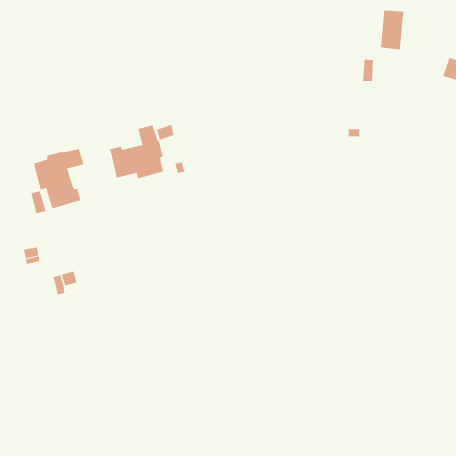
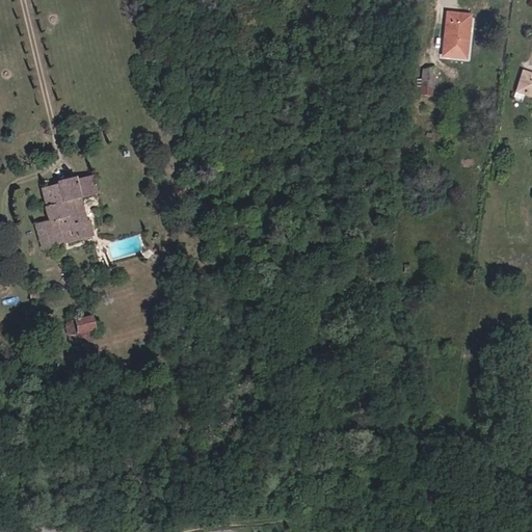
building: [109,124,163,179] -> none

